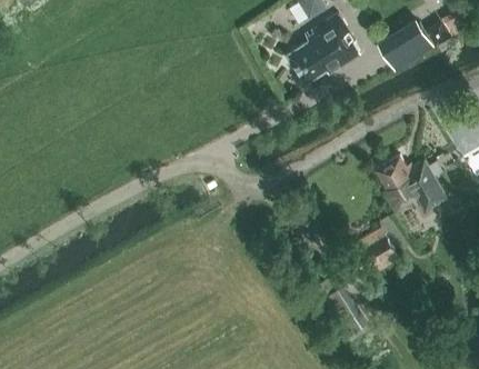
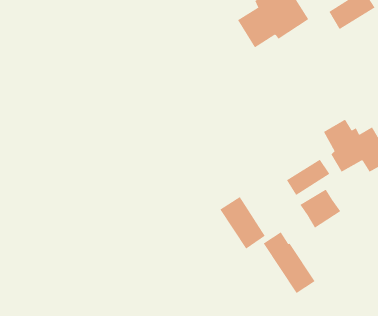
building: none -> [286,159,330,196]
building: none -> [219,196,265,249]

